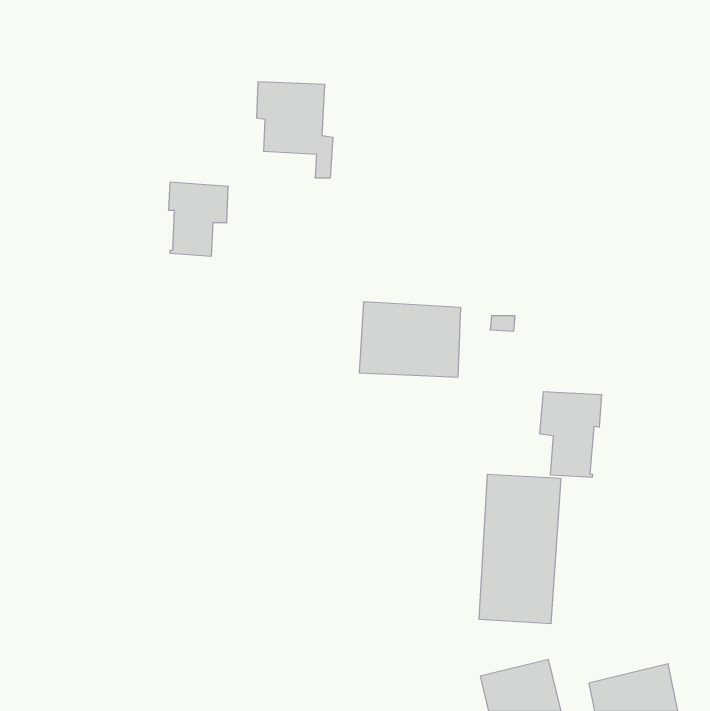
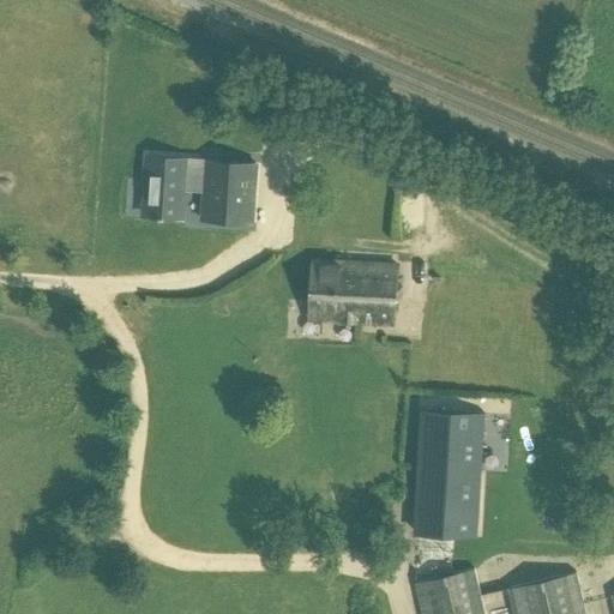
building: [257,82,333,178] -> [195,161,261,243]
building: [540,392,602,477] -> none

